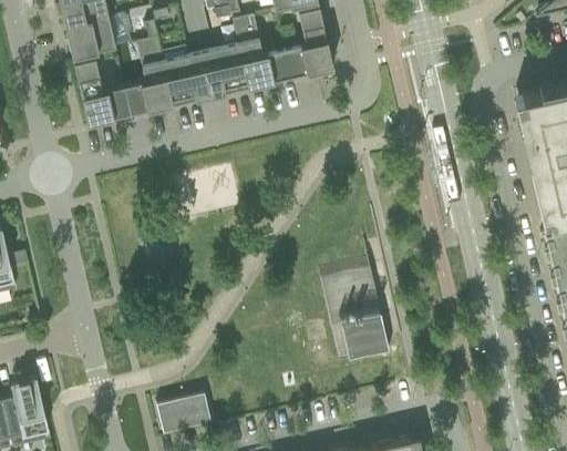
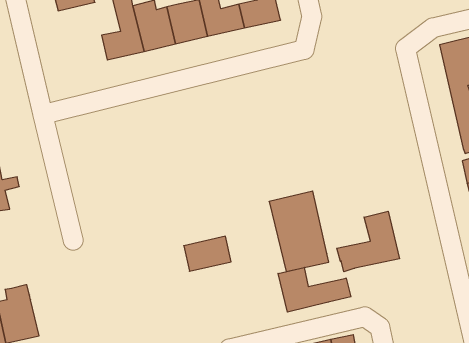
building: [74,58,131,124] -> none
building: none -> [337,211,399,272]
building: none -> [278,267,351,312]
building: [156,392,212,433] -> [184,236,231,271]

